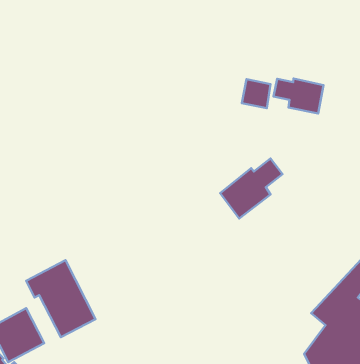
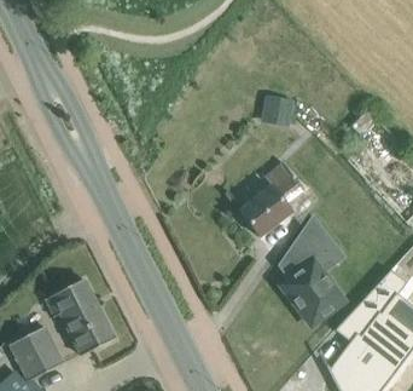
building: [274,78,324,113] -> none
building: none -> [280,215,344,324]

